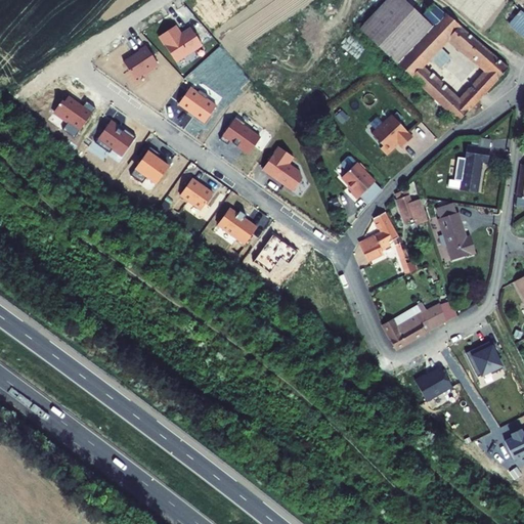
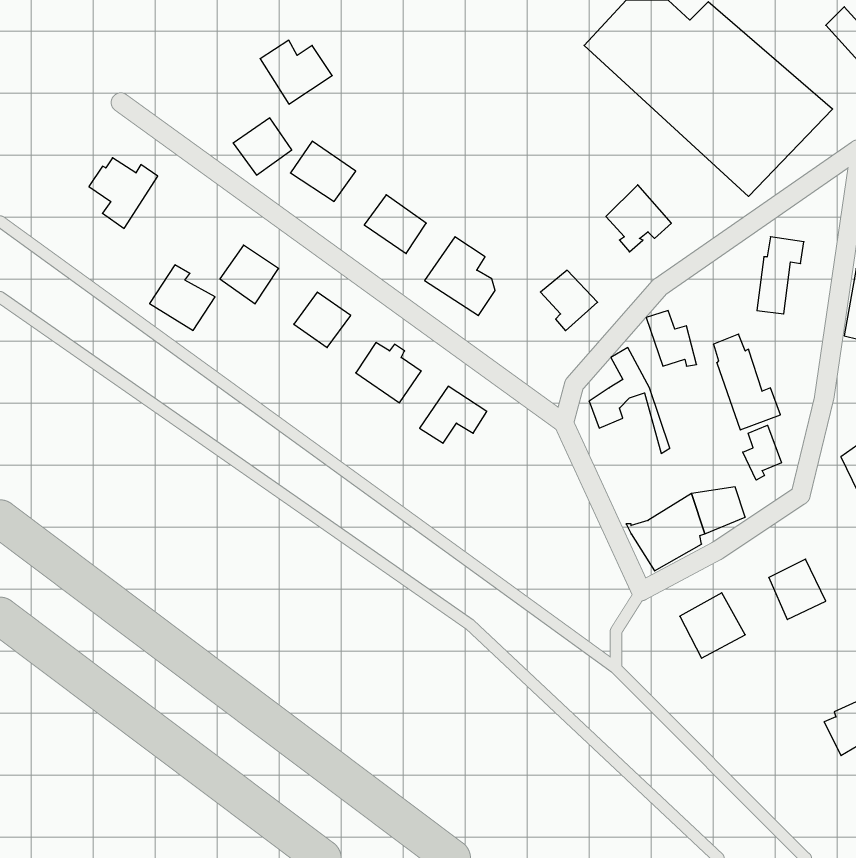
building: [124,46,160,81] -> [233,118,292,175]
building: [96,118,136,158] -> [150,265,215,330]
building: none -> [743,425,782,480]

